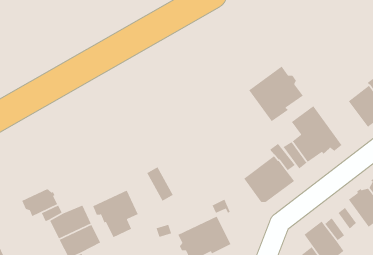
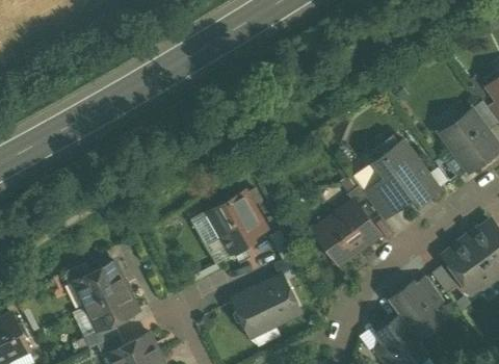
building: [248,66,304,122] -> none
building: none -> [208,194,263,252]
building: [21,188,58,217] -> none
building: [92,189,139,238] -> none

